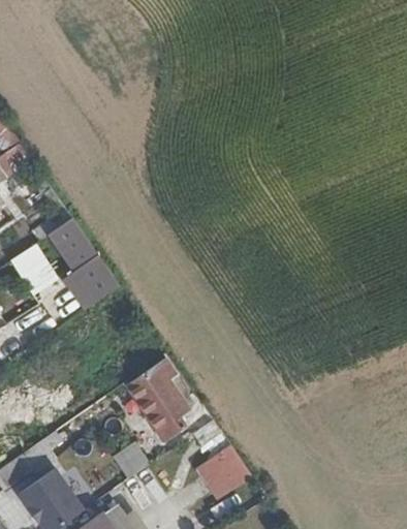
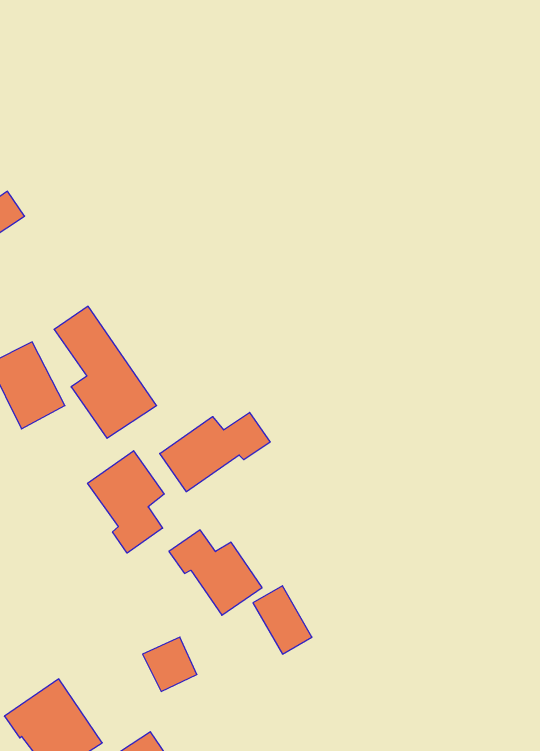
building: none -> [160,412,270,492]
building: none -> [88,451,164,553]
building: [191,443,249,500] -> none

